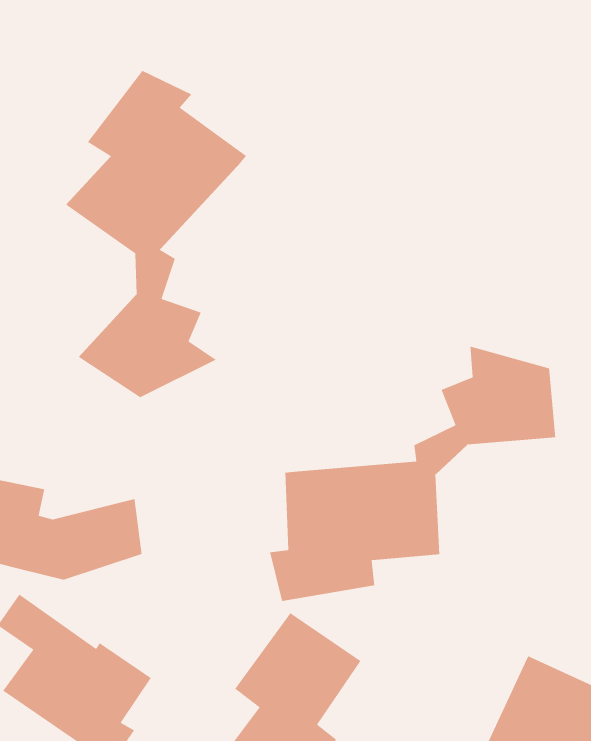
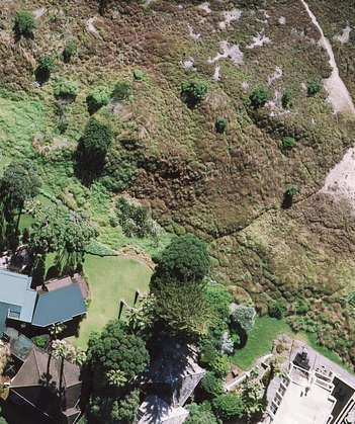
building: [65,70,247,398] -> none
building: [269,345,556,602] -> none

